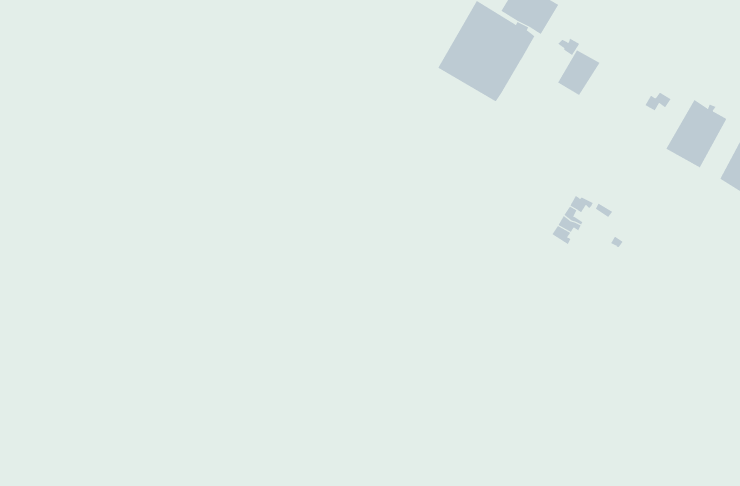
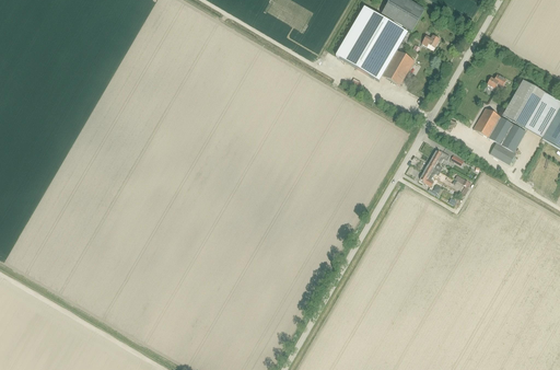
building: [557,49,601,96] -> [383,50,415,84]
building: none -> [474,107,526,164]

